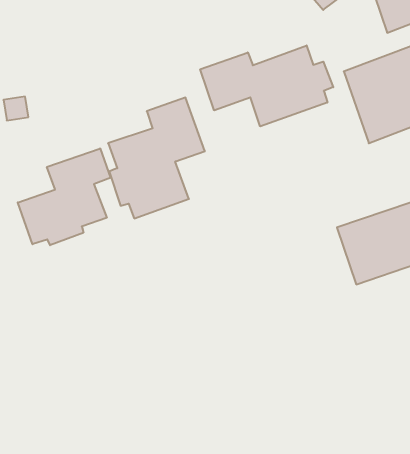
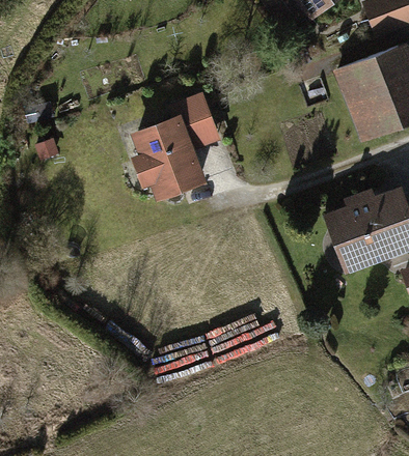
building: [200,45,333,126] -> none
building: [18,148,111,245] -> none

